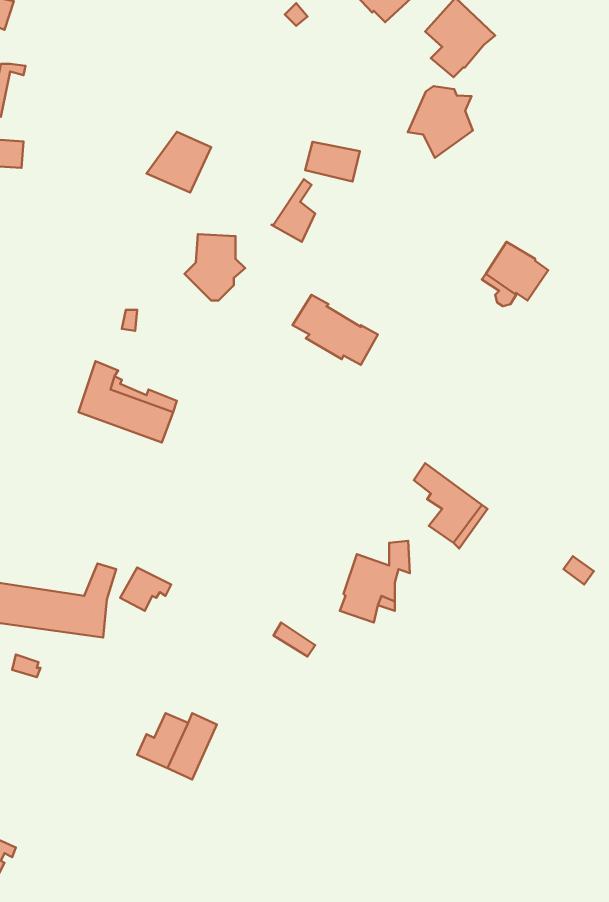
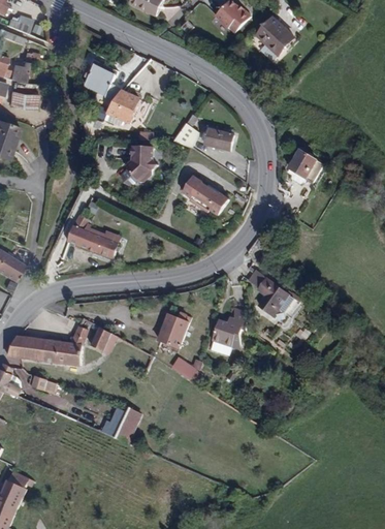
building: none -> [84,59,119,100]
building: [408,86,473,158] -> none
building: [305,142,360,182] -> [204,129,234,151]
building: none -> [160,315,190,347]

